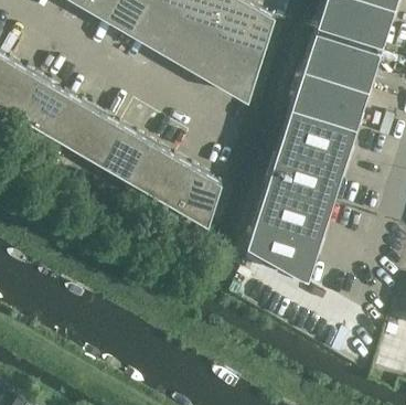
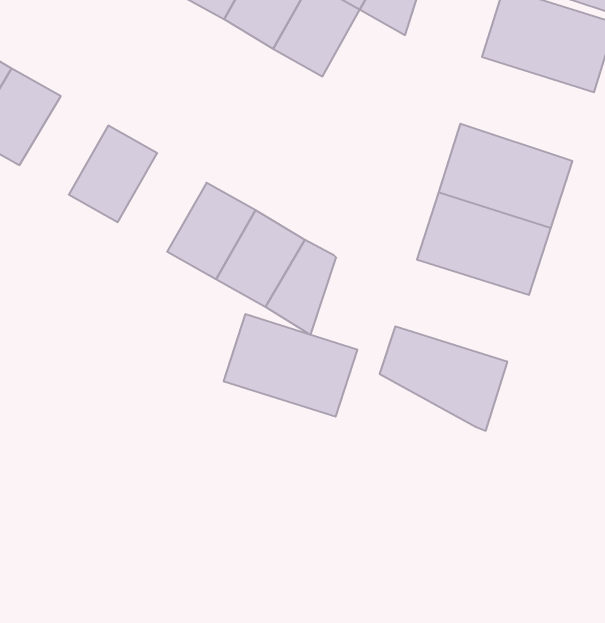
building: [214,46,260,104] -> none
building: [291,73,366,131] -> none
building: [44,95,94,150] -> none
building: [99,127,149,182] -> none
building: [255,186,330,244] -> [224,314,357,417]

